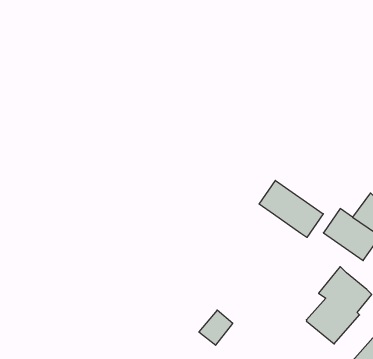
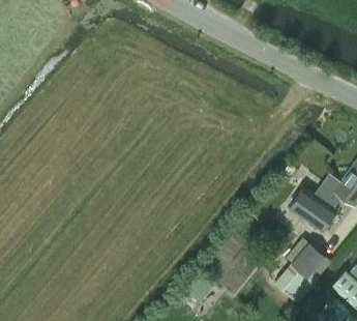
building: [259,180,323,237] -> none

